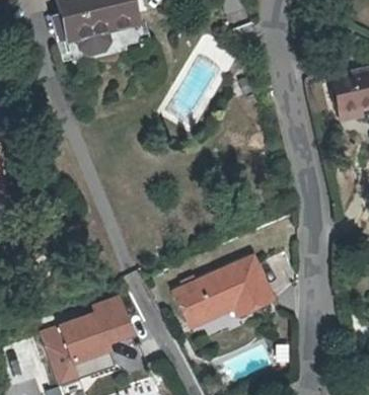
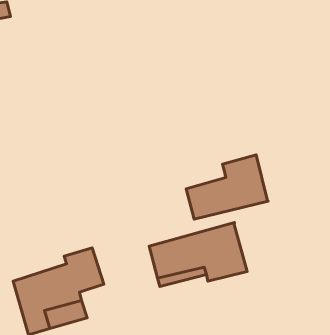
building: none -> [186,155,268,219]

